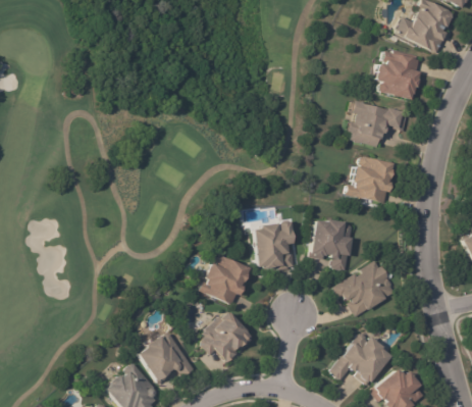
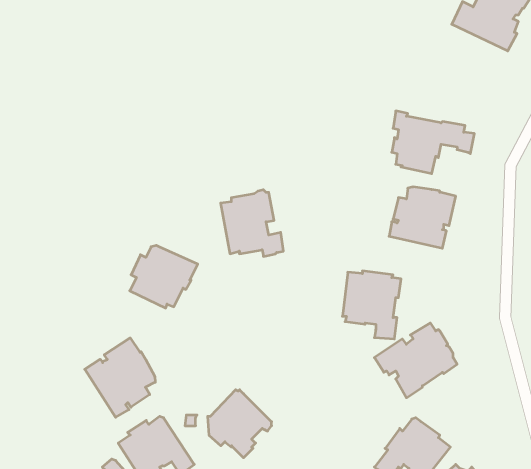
building: [374,49,424,99] -> none
building: [255,221,303,272] -> [221,190,283,256]
building: [202,256,254,304] -> [130,245,198,308]
building: none -> [85,338,155,417]

